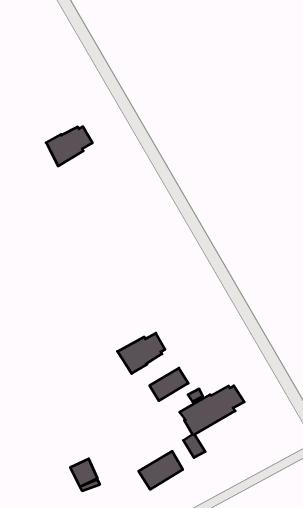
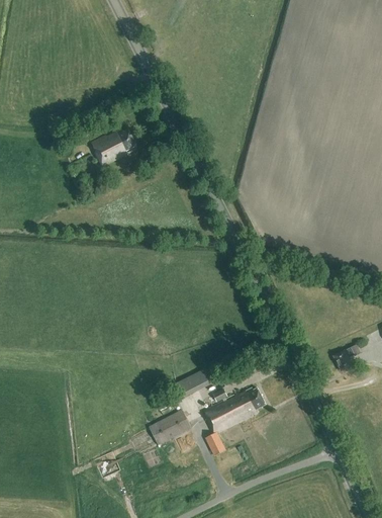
building: [117,333,165,374] -> none
building: [139,451,183,489] -> [148,410,190,445]

